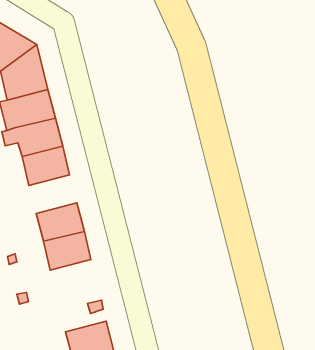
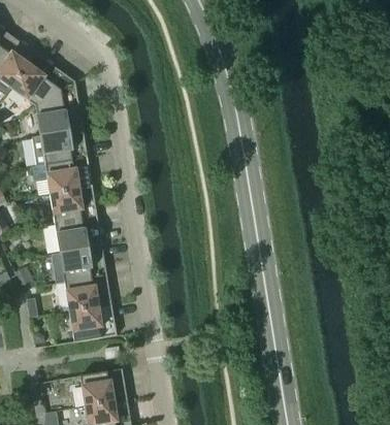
building: none -> [54,218,101,254]
building: none -> [68,305,116,342]

